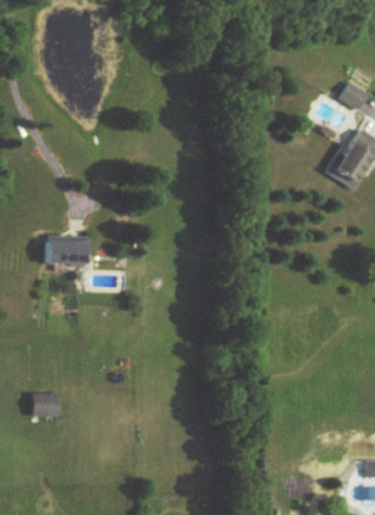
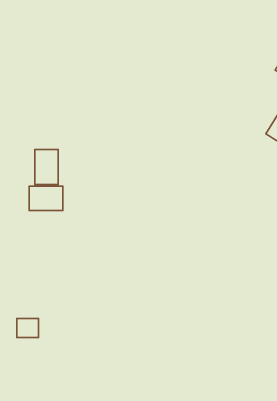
building: none -> [35,149,58,185]

